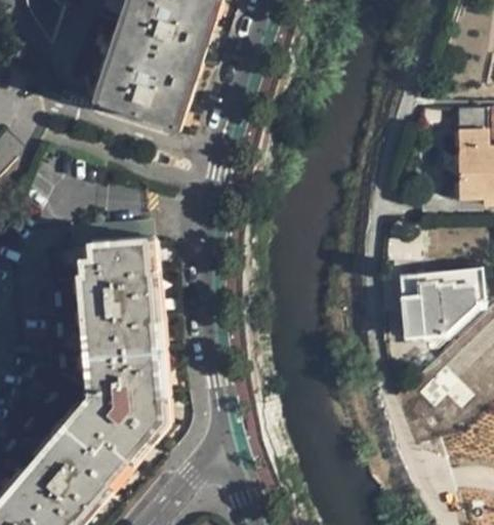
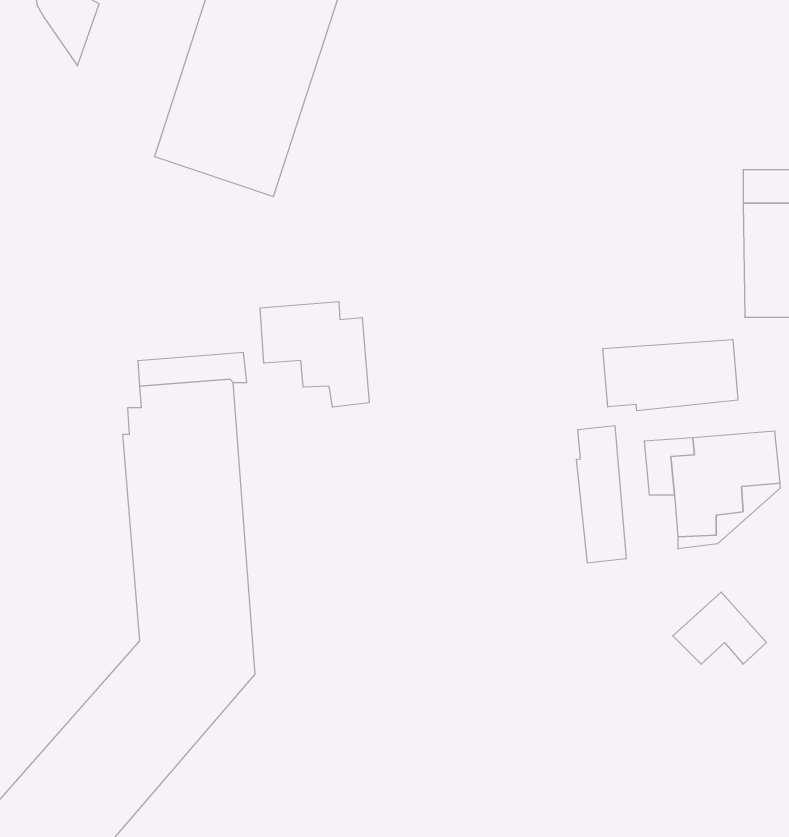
building: none -> [260,302,369,407]
building: none -> [603,339,738,411]
building: none -> [576,426,626,563]

